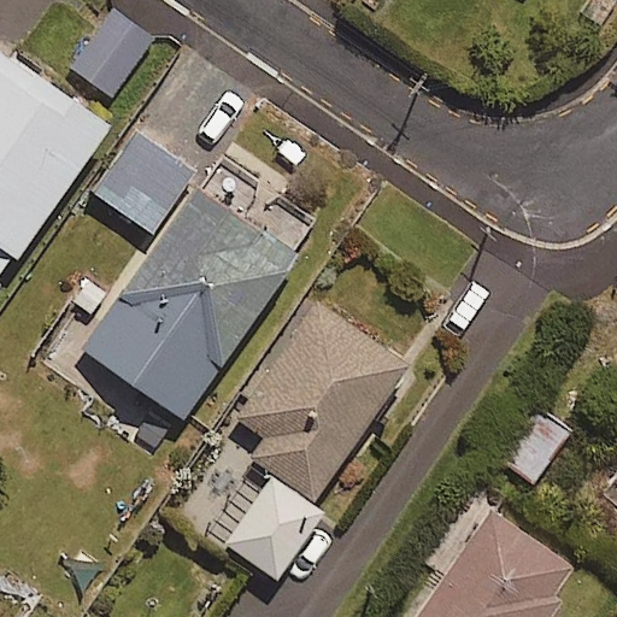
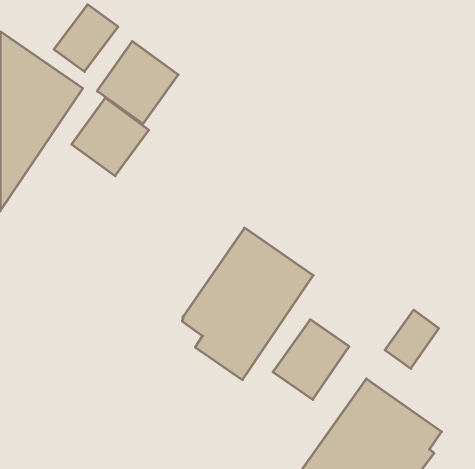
building: none -> [97,41,178,124]
building: [83,176,312,418] -> none
building: [224,478,323,582] -> [273,320,349,400]

